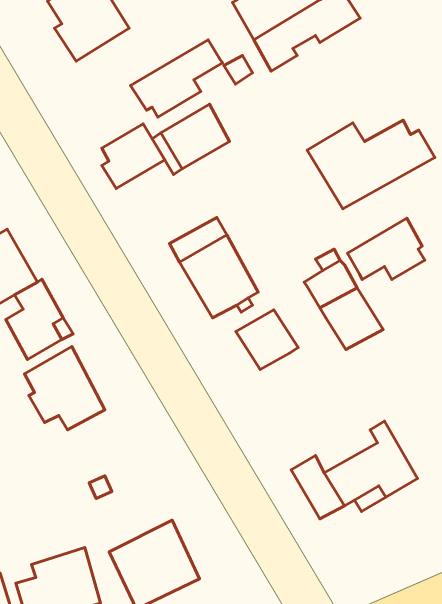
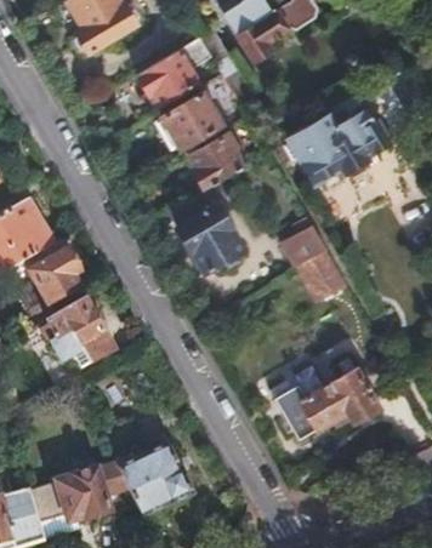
building: [102,124,165,188] -> [189,131,243,185]
building: [347,218,425,279] -> none
building: [236,310,298,369] -> none

